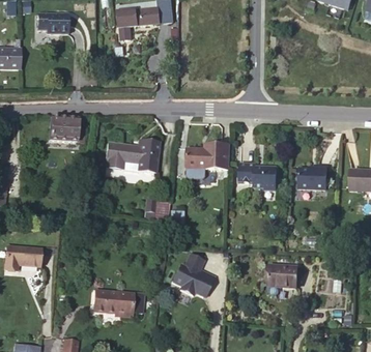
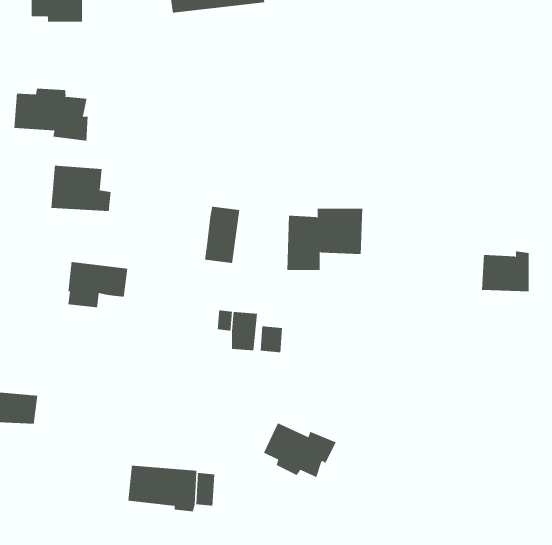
building: none -> [14,88,88,142]
building: [106,142,141,169] -> [67,261,128,308]
building: [239,163,277,190] -> none
building: [268,265,297,287] -> none

